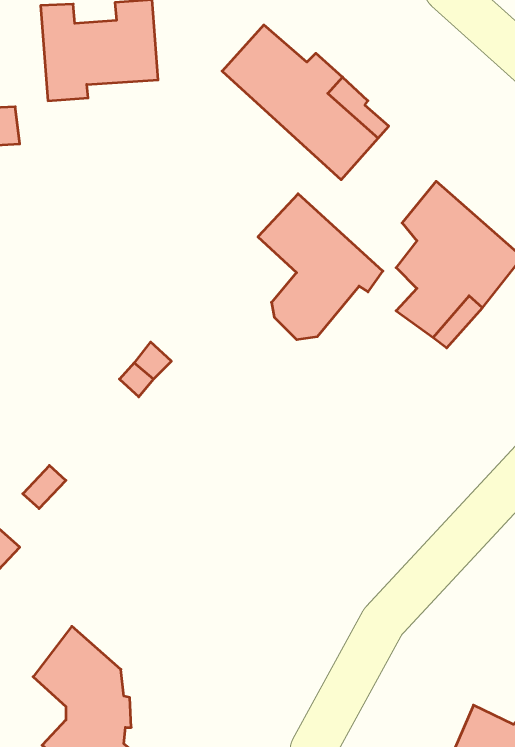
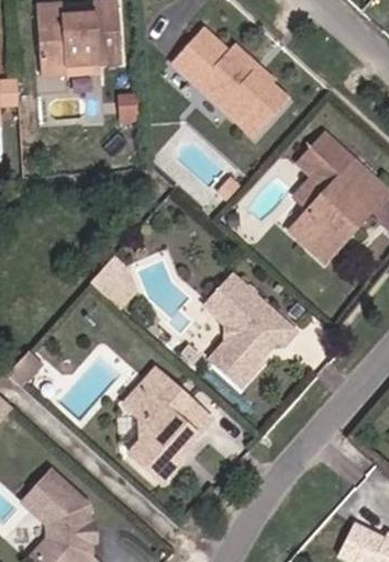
building: [258,194,383,340] -> [191,271,284,379]
building: none -> [120,373,204,491]

